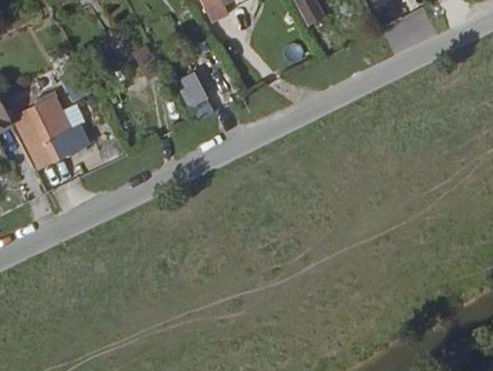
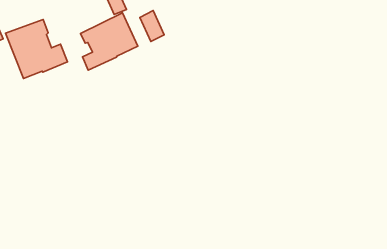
building: none -> [80,13,138,70]

